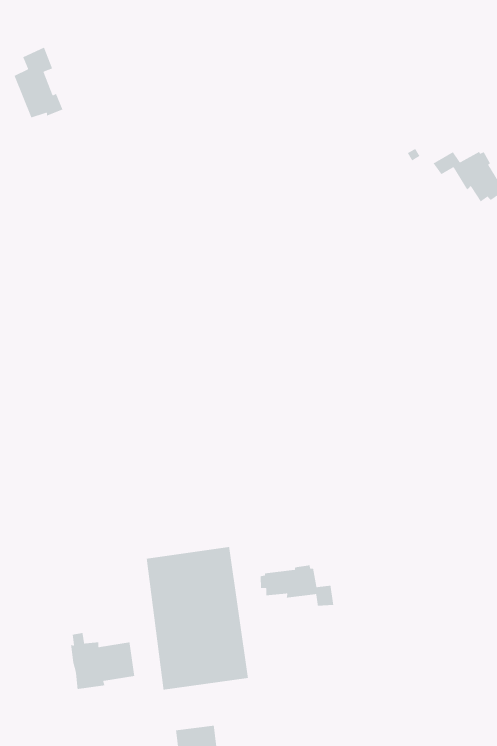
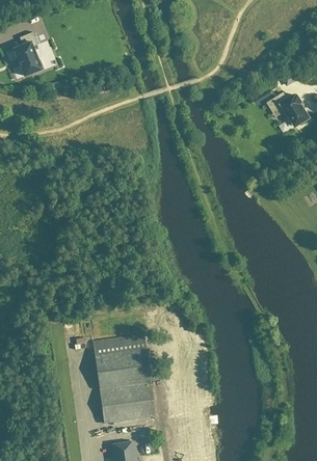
building: [260,565,334,607] -> none
building: [70,632,135,690] -> none

